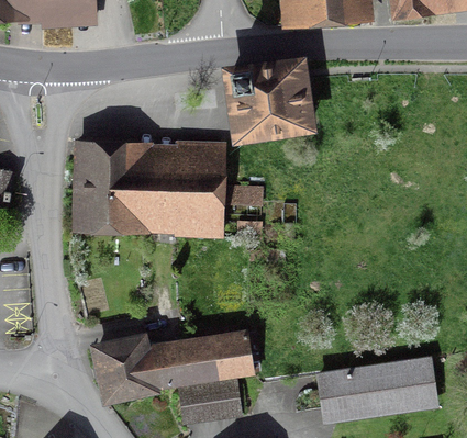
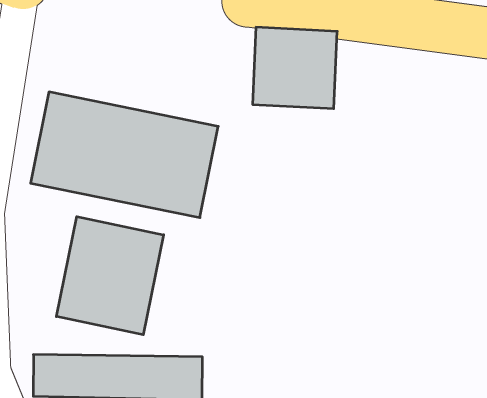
building: none -> [56,217,164,335]

